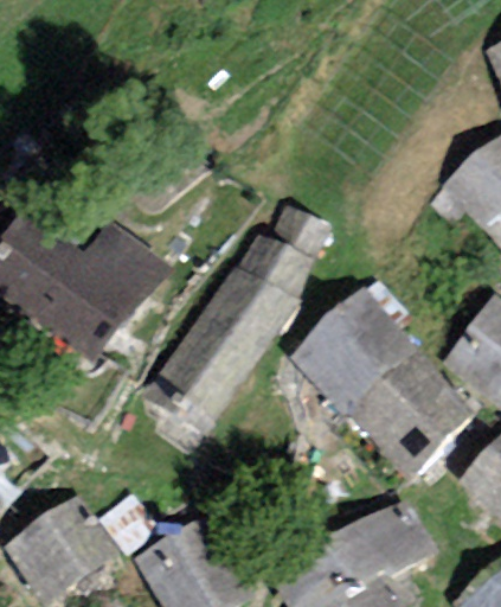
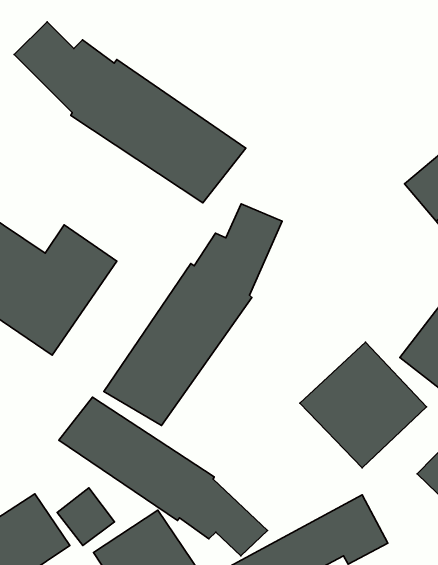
building: none -> [14,22,246,203]
building: [294,293,410,408] -> none
building: none -> [59,397,268,556]

